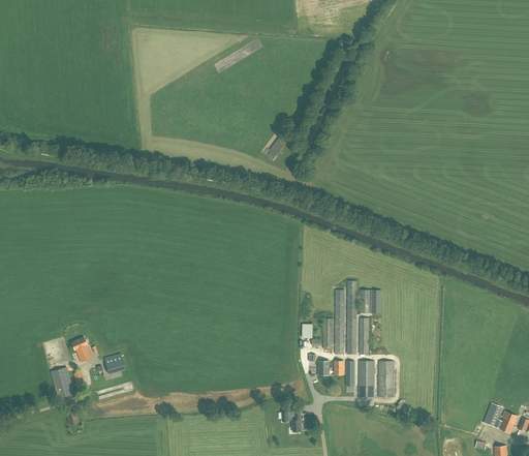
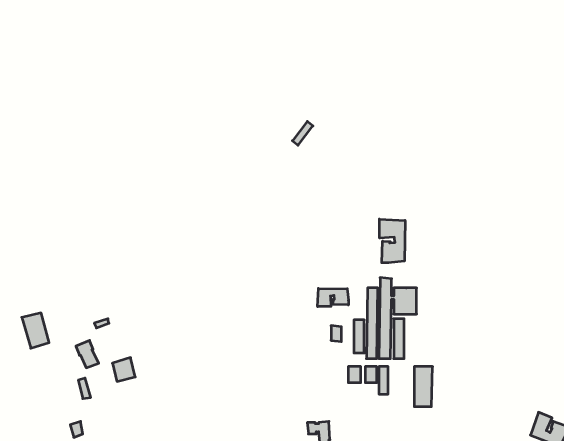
building: none -> [379,219,405,263]
building: none -> [318,288,348,307]
building: [359,361,375,397] -> none
building: [50,367,74,399] -> [22,313,49,348]

